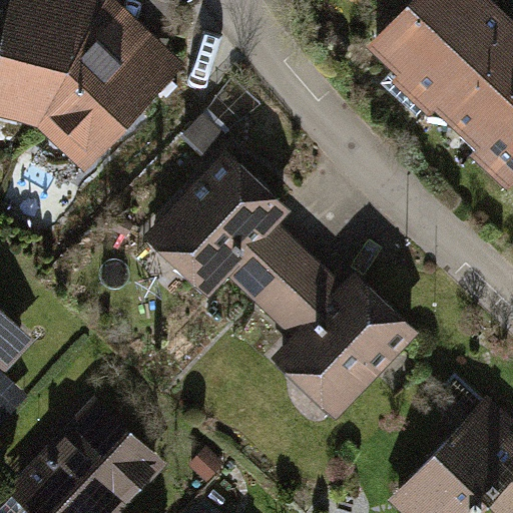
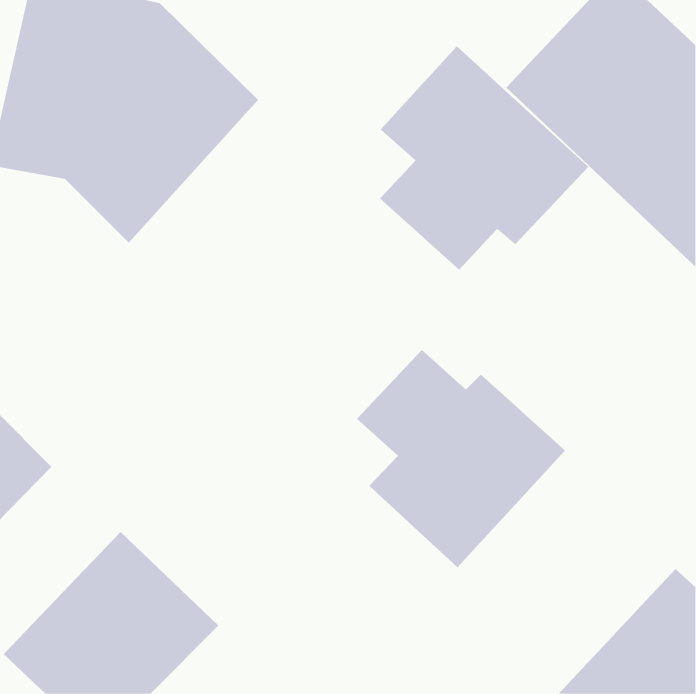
building: none -> [379,45,589,270]
building: [142,150,309,307] -> none

